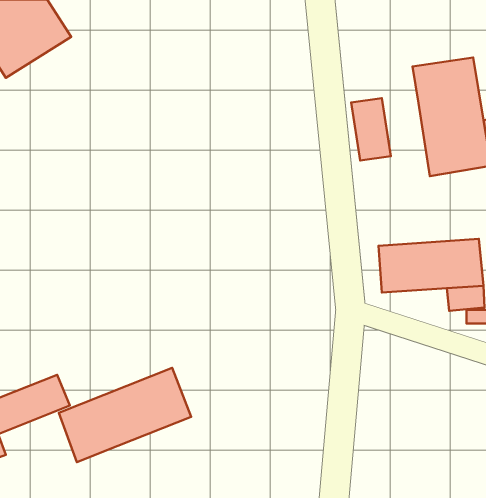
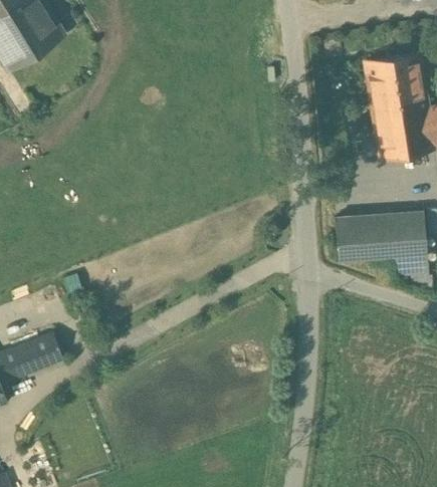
building: [351,98,391,161] -> none
building: [59,368,191,462] -> none

